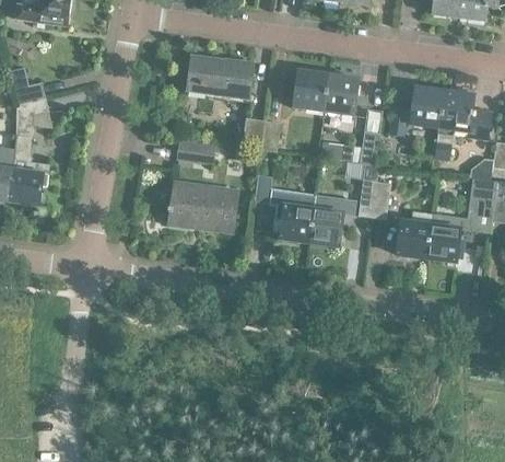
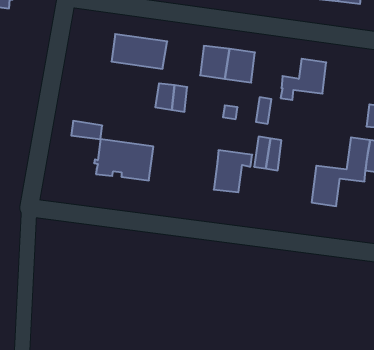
building: [435,90,491,159] -> none
building: [177,140,214,162] -> [71,121,102,139]
building: [255,174,315,242] -> none
building: [396,210,432,257] -> none

